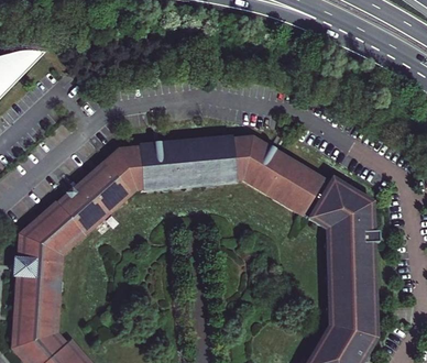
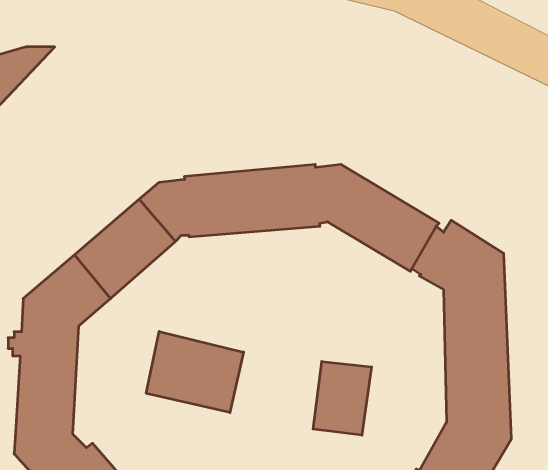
building: none -> [146,331,244,413]
building: none -> [313,361,372,435]

